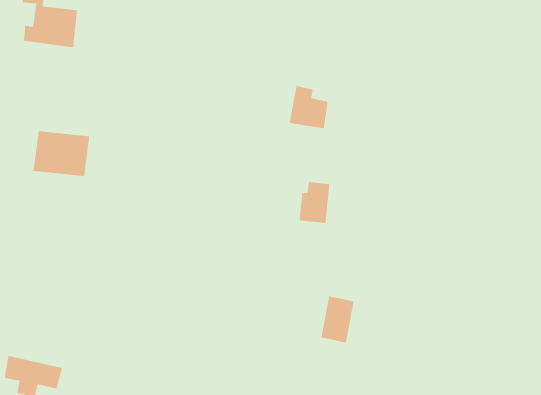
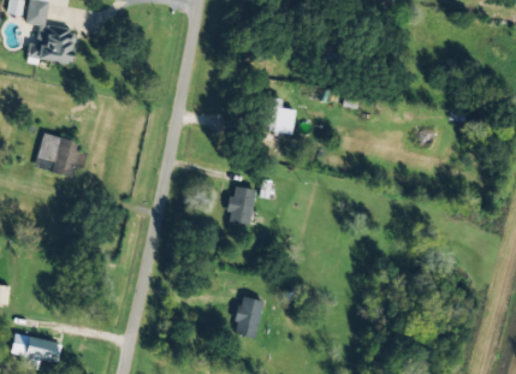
building: [299,181,330,224] -> [227,185,255,222]
building: [320,295,355,343] -> [233,295,263,337]

